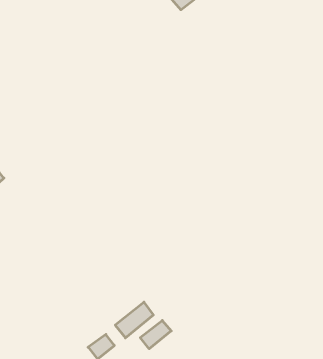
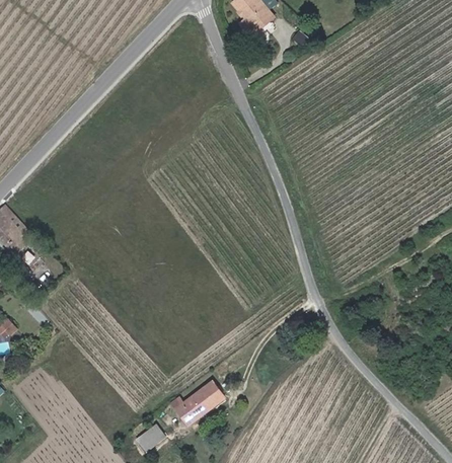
building: [140,320,171,349] -> none

